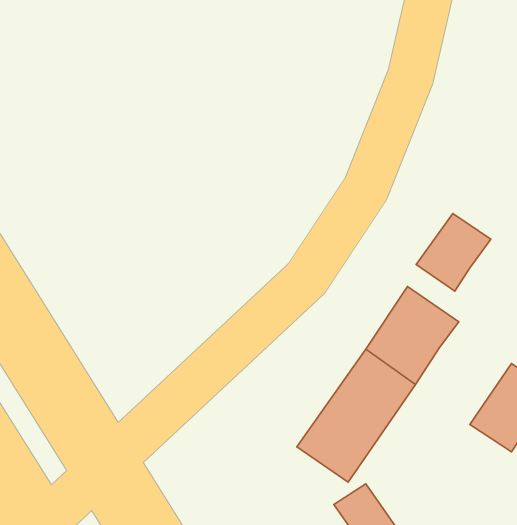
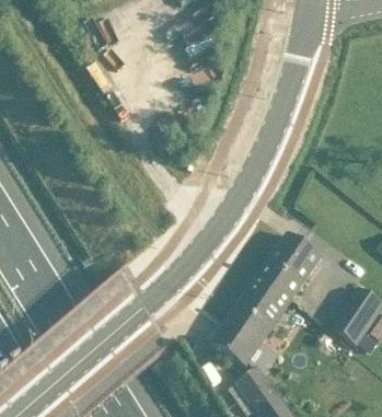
building: [416,213,491,291] -> none

